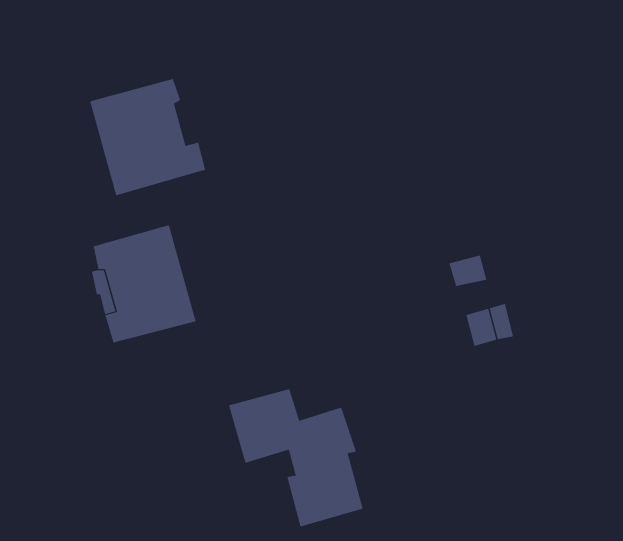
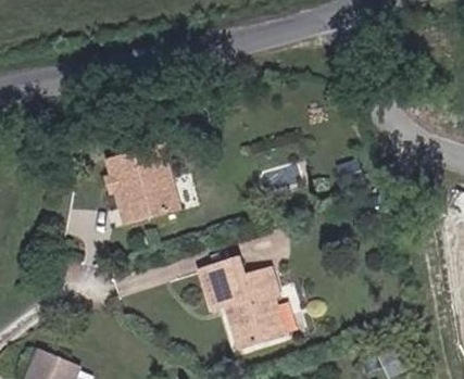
building: [89,78,206,196] -> none

